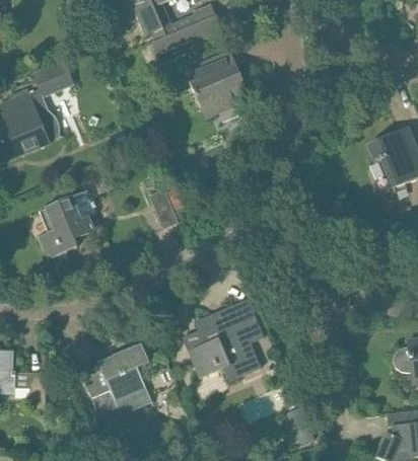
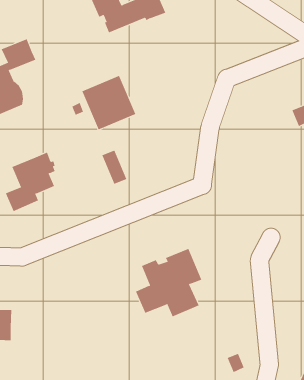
building: [186,53,249,116] -> [81,75,136,130]
building: [82,343,151,422] -> none

